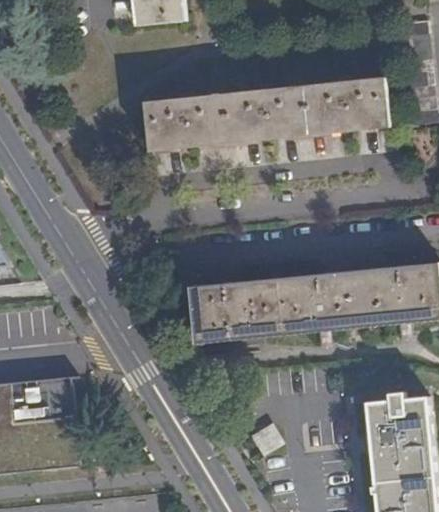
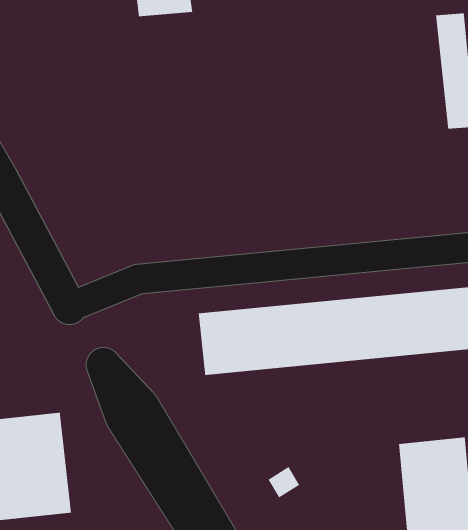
building: [142,77,385,150] -> none

